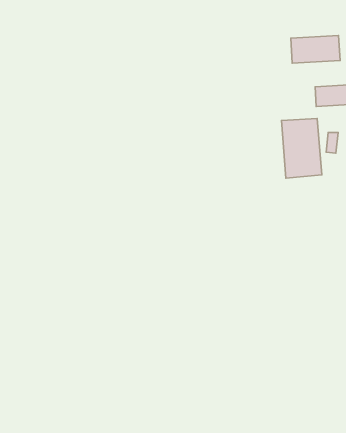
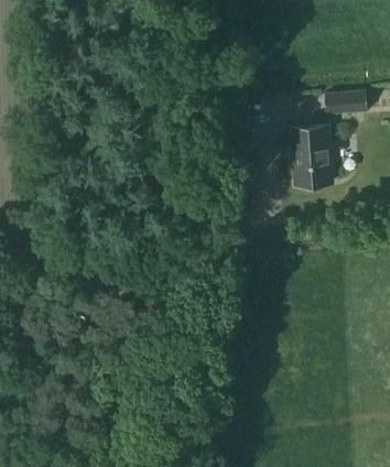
building: [291,35,340,63] -> none

